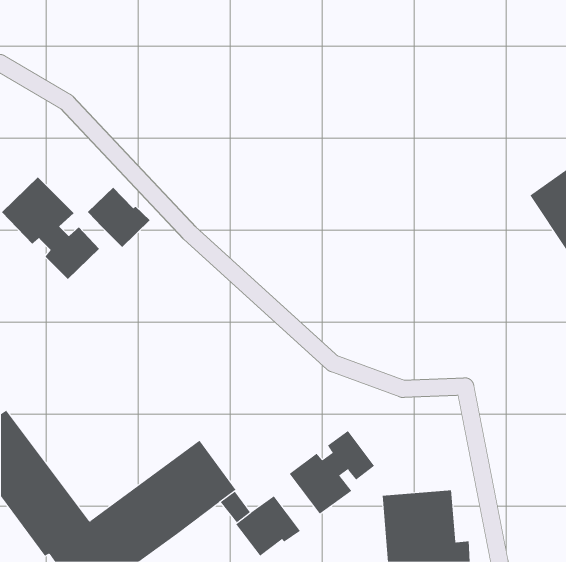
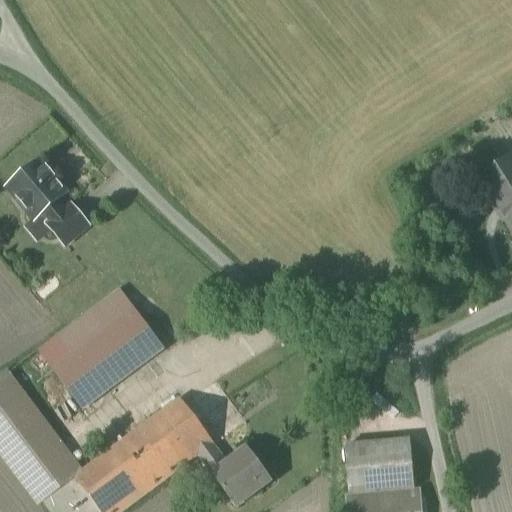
building: [87,187,151,248] -> none
building: none -> [39,288,164,406]
building: [289,430,375,515] -> none

